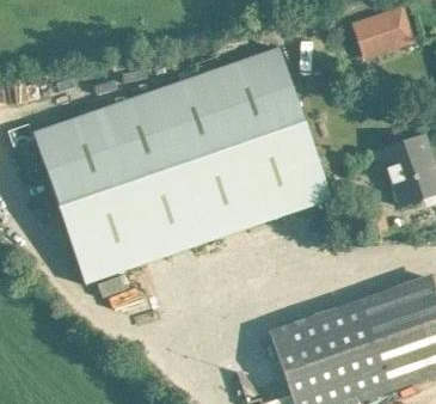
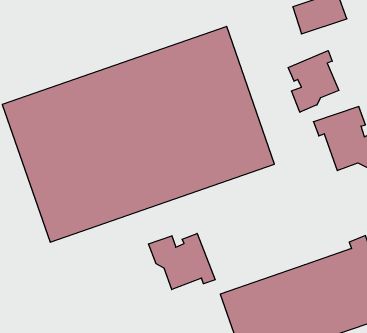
building: none -> [288,51,339,112]
building: none -> [149,233,215,290]

